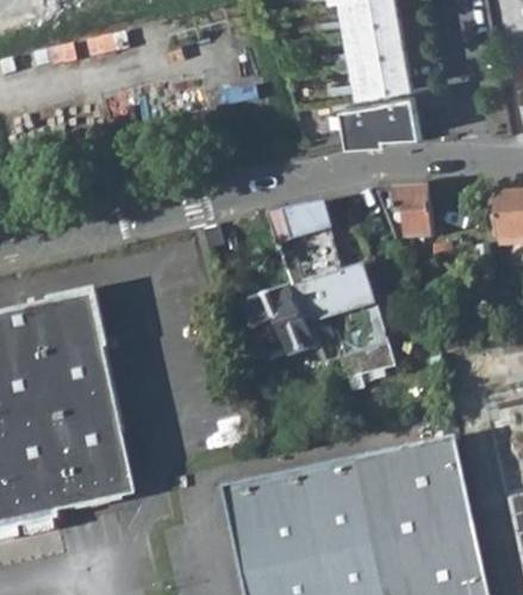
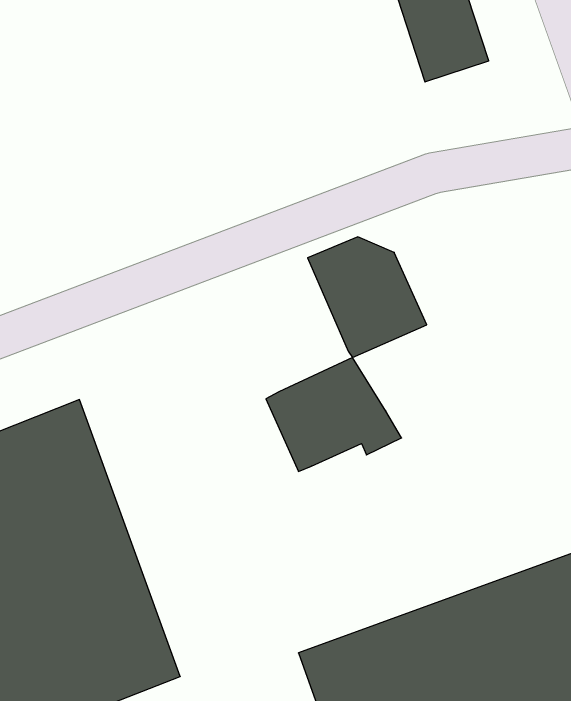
building: [344,94,419,143] -> none
building: [393,186,430,238] -> none
building: [287,266,382,384] -> none

